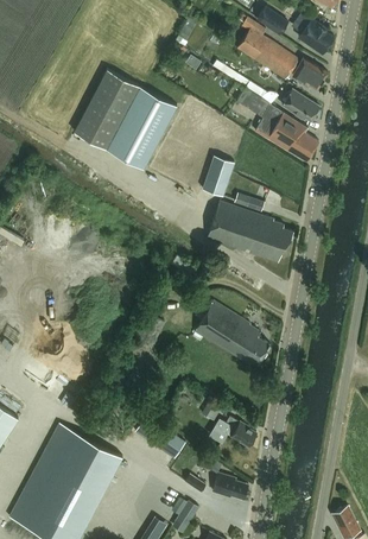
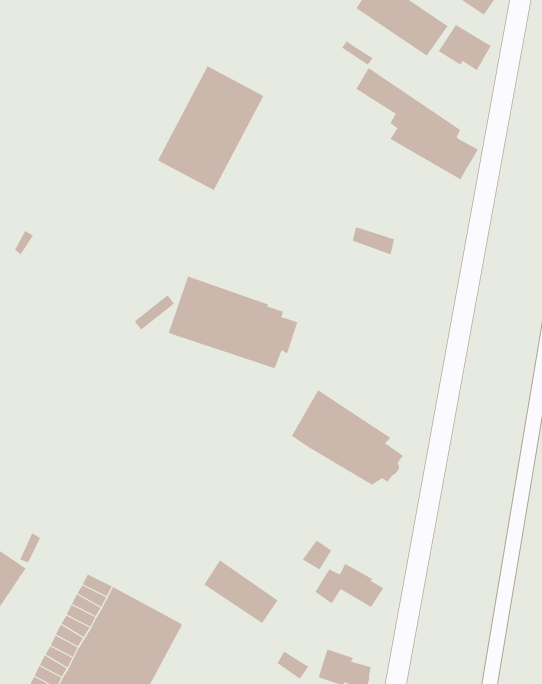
building: [75,70,139,150] -> none
building: [283,90,319,121] -> none
building: [203,157,234,197] -> none
building: [207,202,293,264] -> [168,276,298,369]

